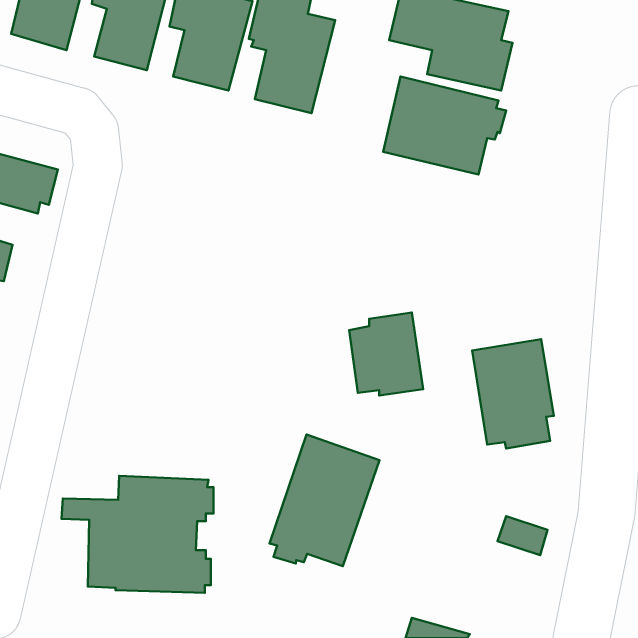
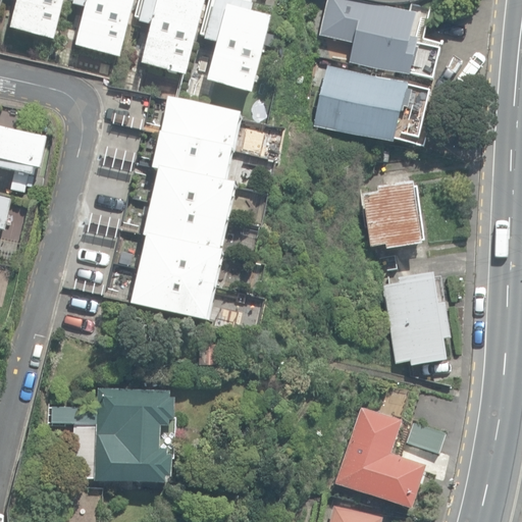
building: none -> [129,96,245,320]
building: [349,312,423,395] -> [360,179,420,247]
building: [269,434,379,566] -> none
building: none -> [333,405,425,508]

